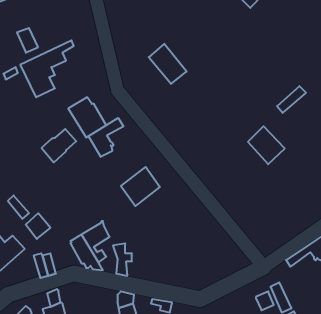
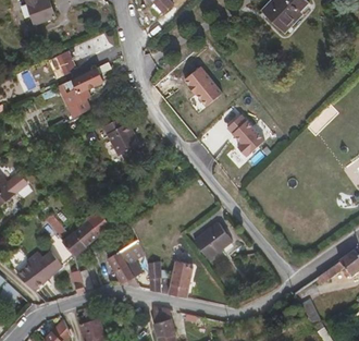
building: [88,118,123,157] -> none
building: [248,126,285,164] -> [224,115,260,153]
building: [42,129,76,162] -> [75,212,109,245]
building: [121,167,160,206] -> [195,221,233,259]
building: none -> [169,261,191,299]

